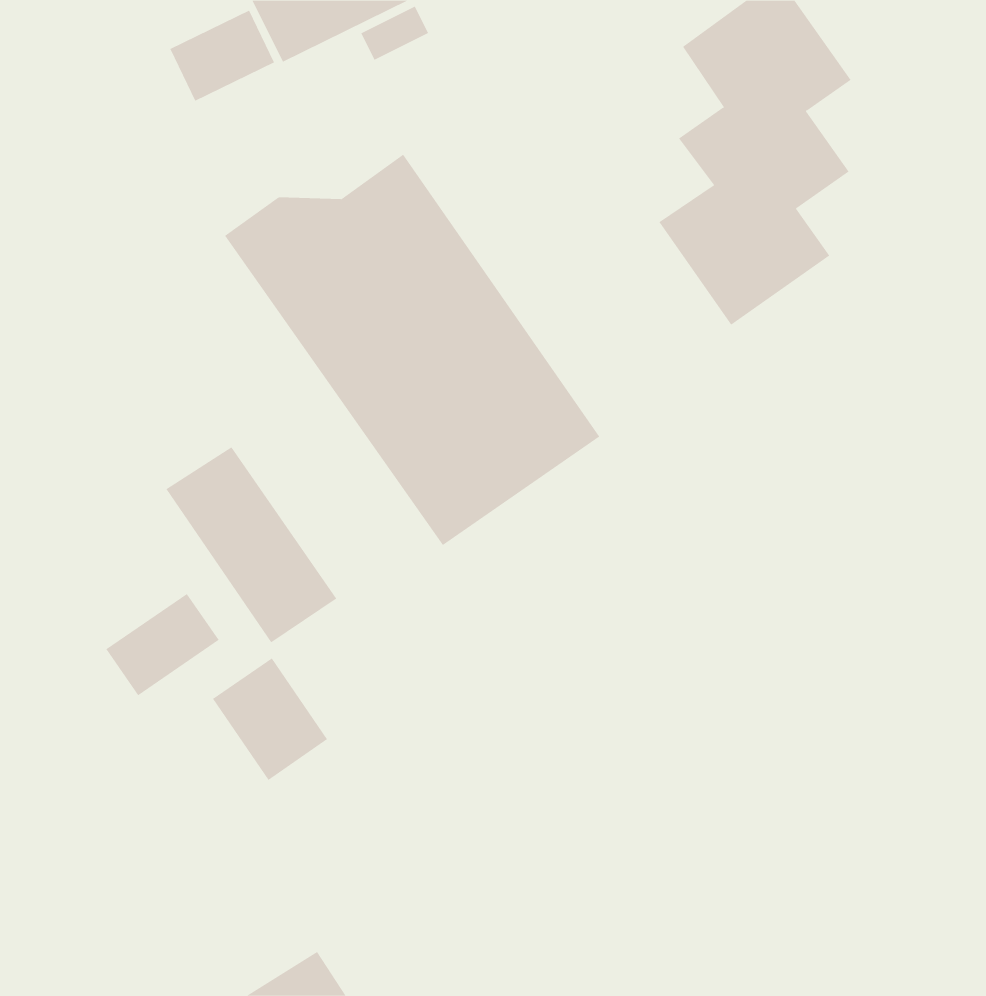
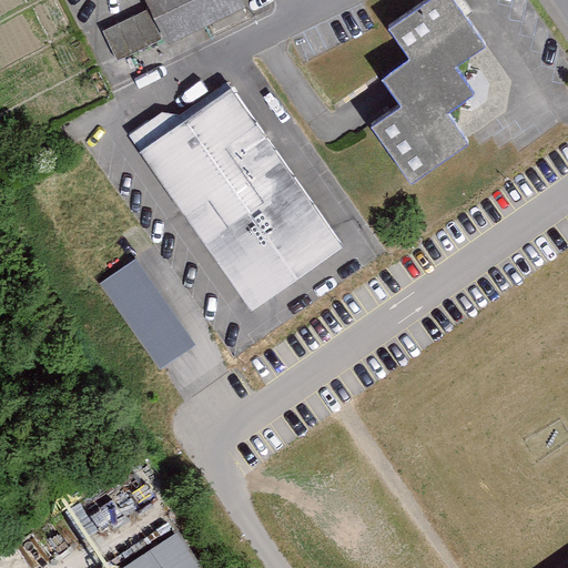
building: [105,593,220,696] -> none
building: [212,657,328,781] -> none

